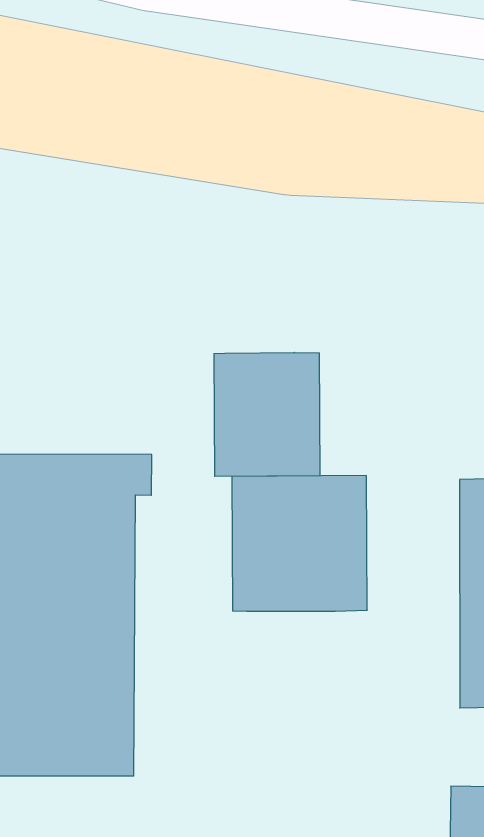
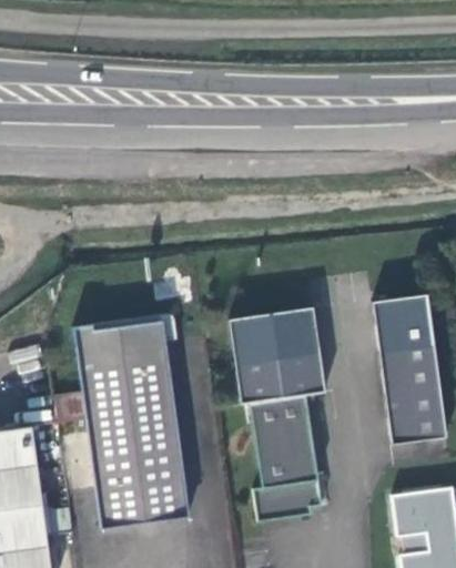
building: [214,352,320,476] -> none
building: none -> [249,396,322,524]

